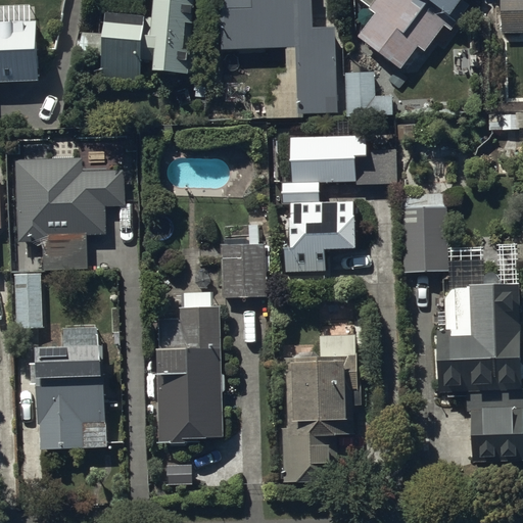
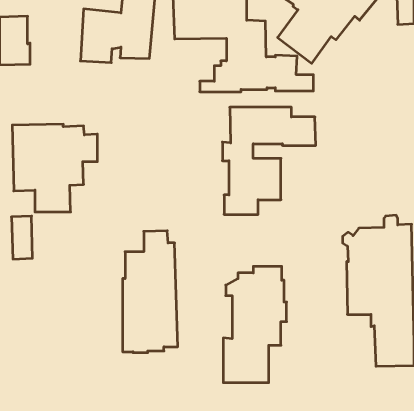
building: [400,205,450,271] -> none
building: [220,244,267,297] -> none
building: [35,326,105,449] -> none

